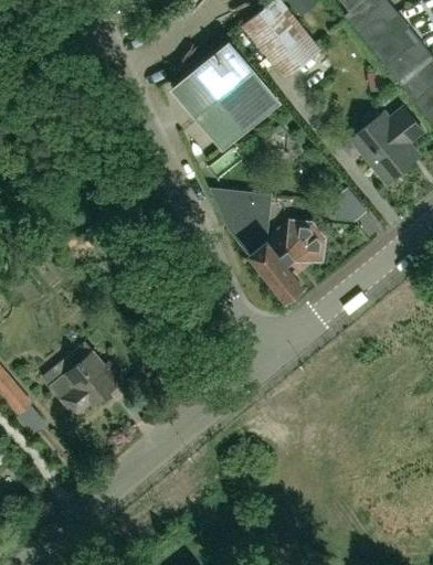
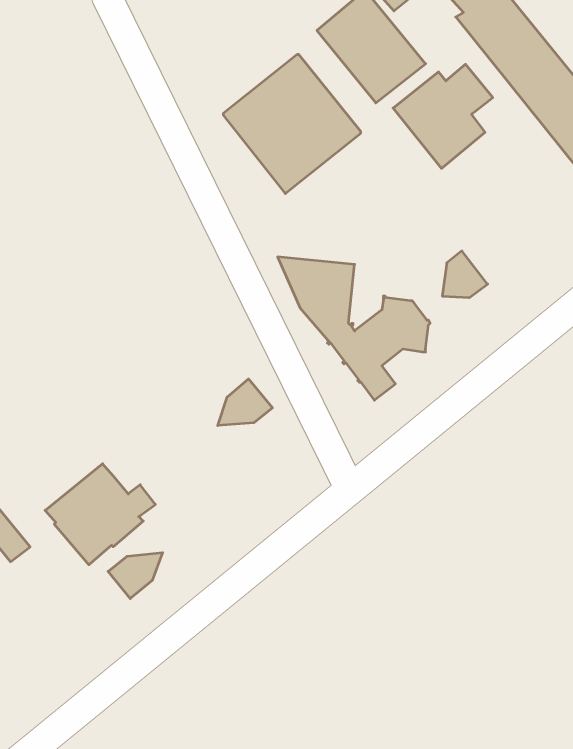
building: [352,107,425,183] -> [393,64,493,168]
building: none -> [218,379,272,426]
building: none -> [108,553,163,599]

